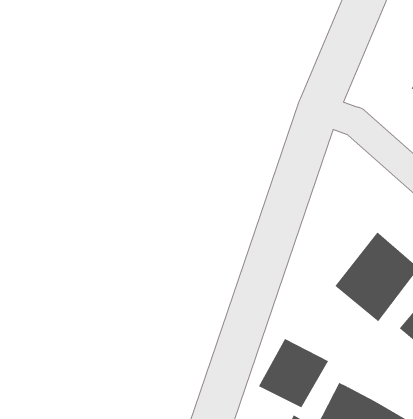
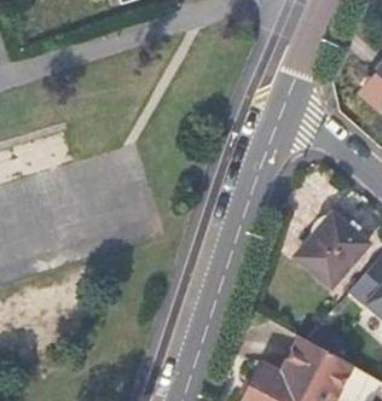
building: [258,338,329,408] -> none

